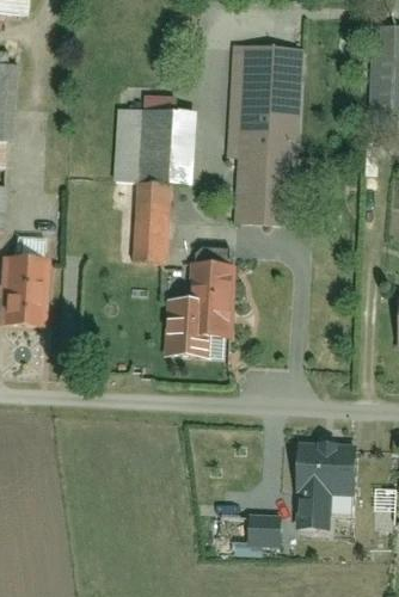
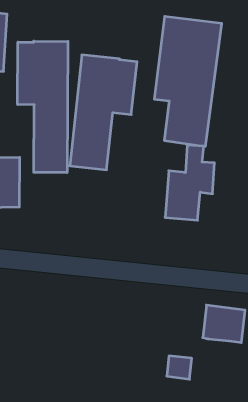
building: none -> [18,41,68,173]
building: [164,260,226,361] -> [165,145,214,220]
building: [308,485,339,525] -> none

